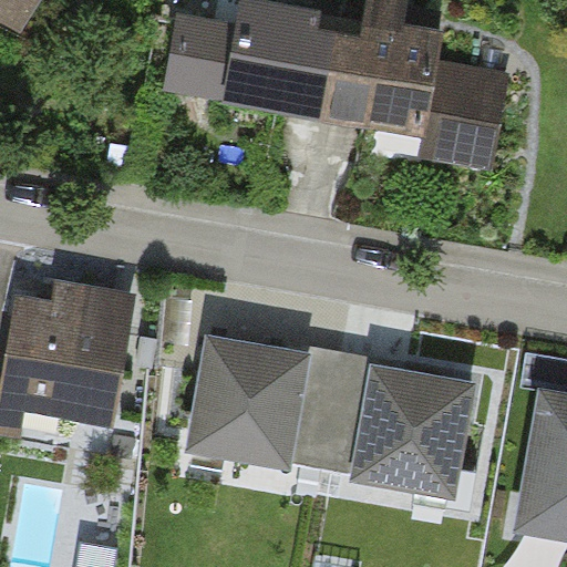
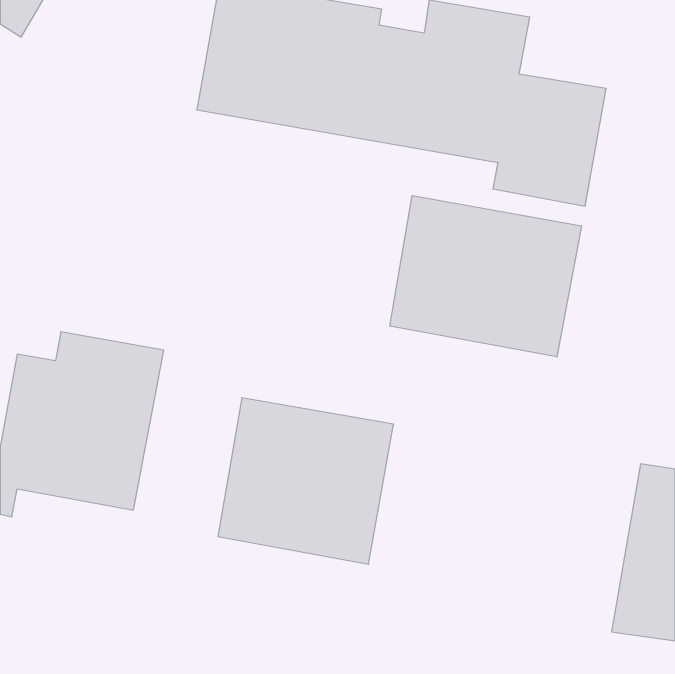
building: none -> [390,196,581,357]
building: [309,355,476,498] -> none

